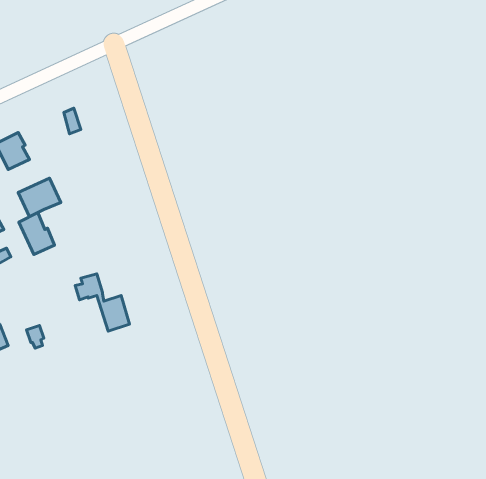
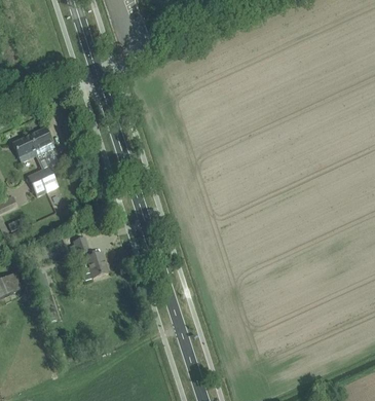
building: none -> [28,125,54,153]
building: [19,213,54,254] -> none

